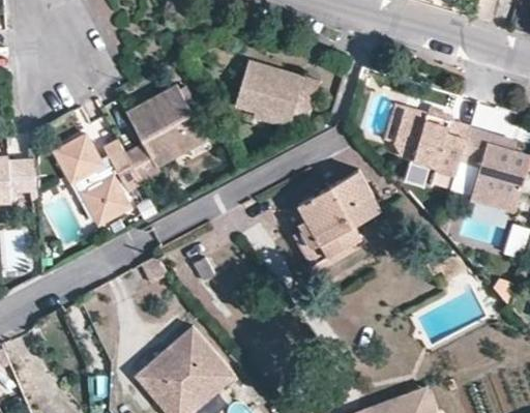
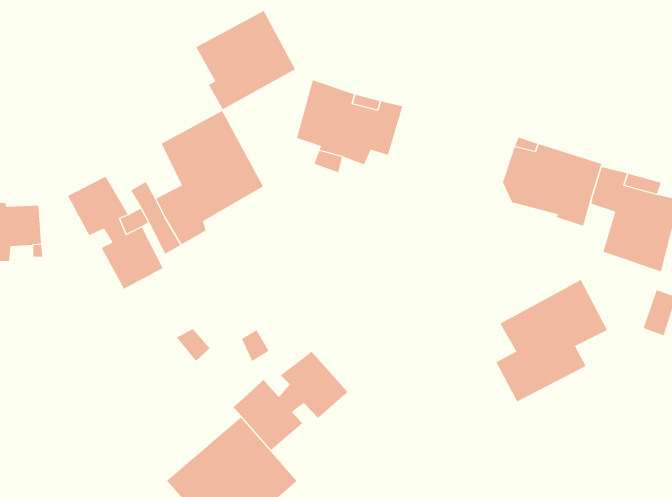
building: none -> [196,10,296,110]
building: [291,170,378,265] -> [496,279,608,402]
building: none -> [233,351,349,451]

